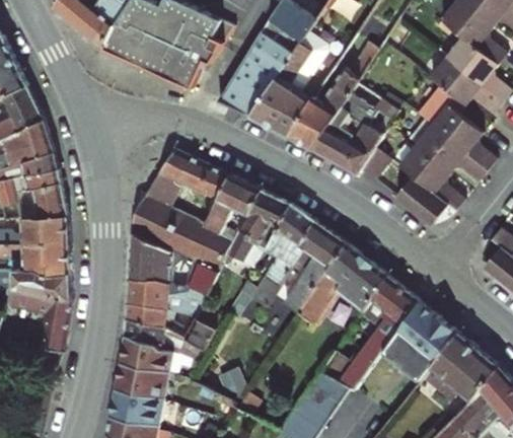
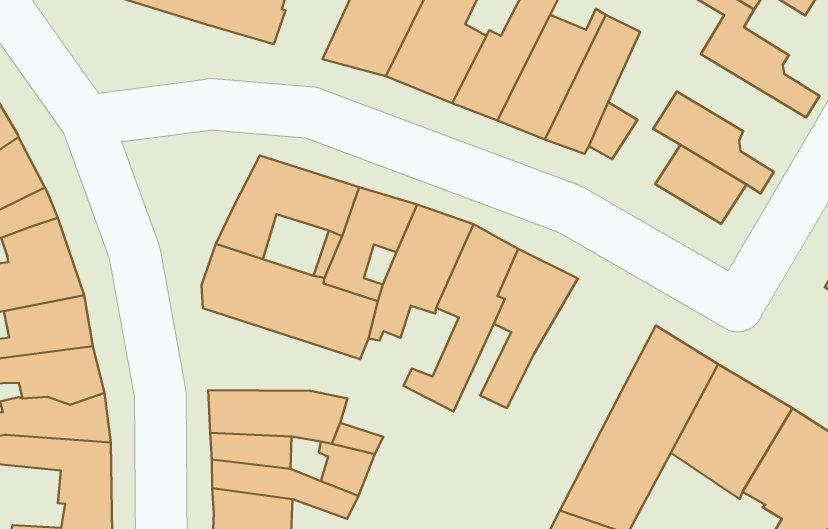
building: [416,126,487,180] -> none
building: [129,232,217,294] -> none
building: [296,243,386,322] -> none

